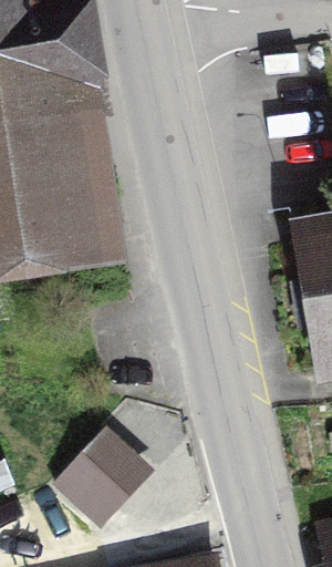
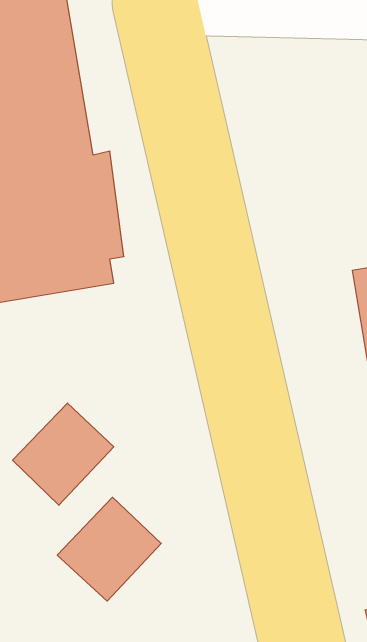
building: none -> [13,403,114,505]

